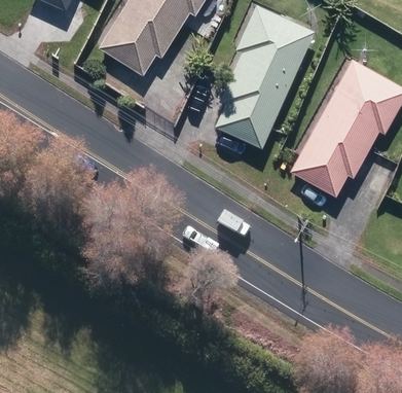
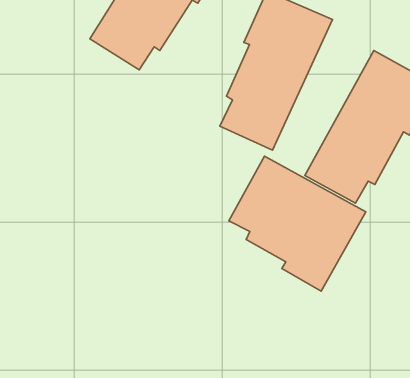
building: none -> [229,156,366,291]

